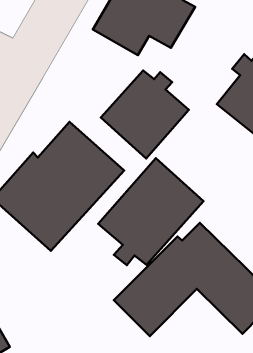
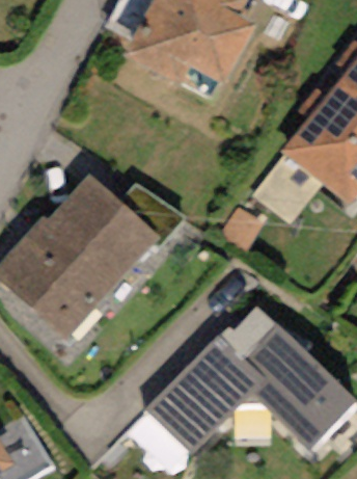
building: [101,70,189,159] -> none
building: [98,158,203,265] -> none

